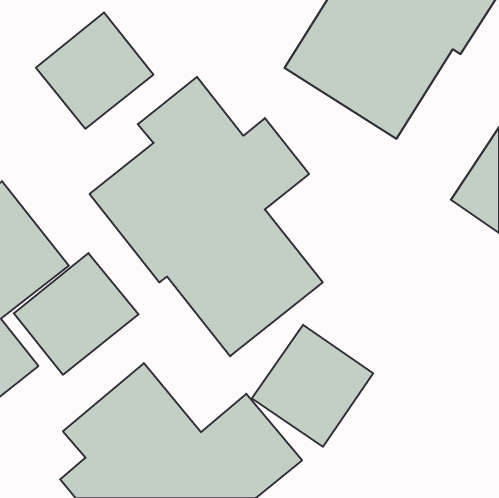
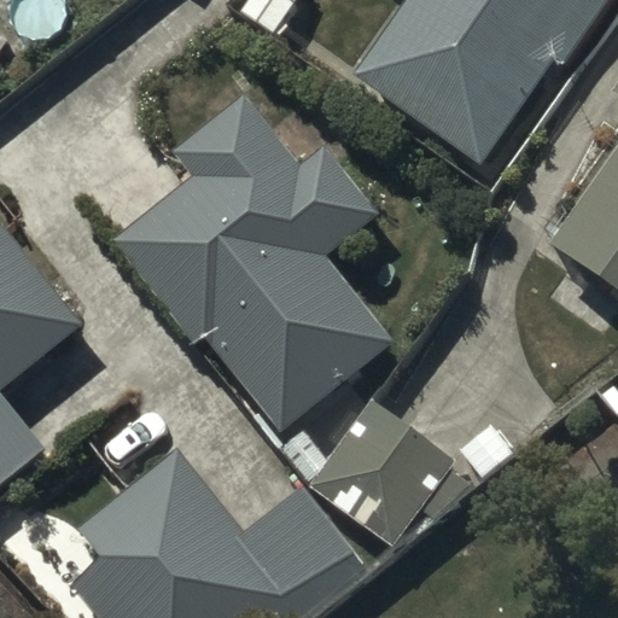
building: [36,12,153,129] -> none
building: [14,253,139,375] -> none

